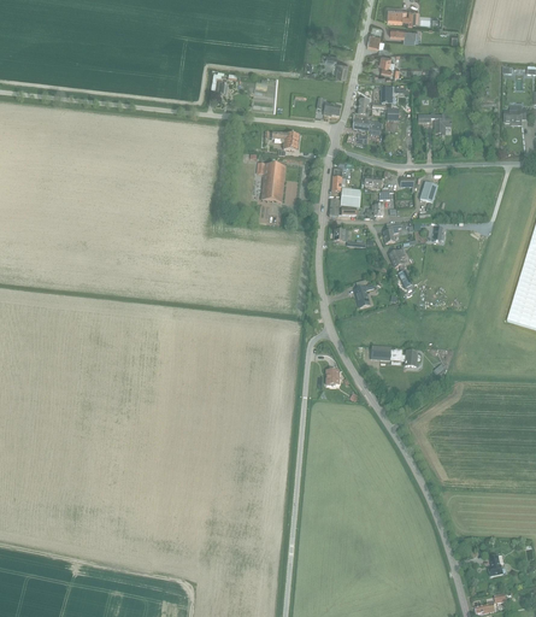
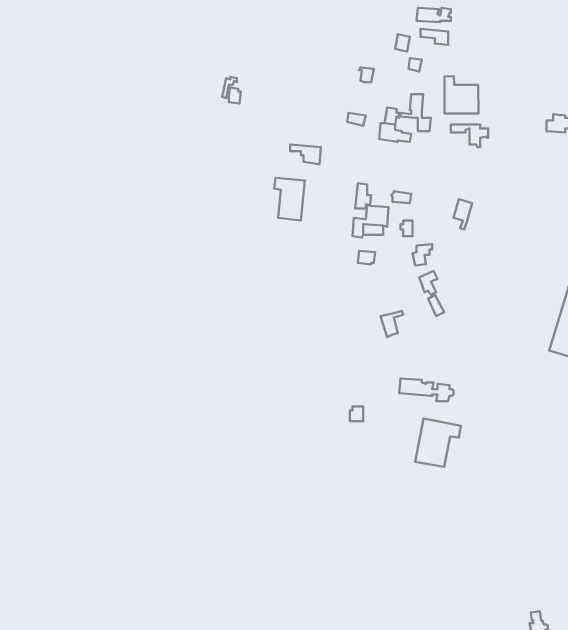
building: none -> [444,76,479,114]
building: none -> [415,419,461,467]

